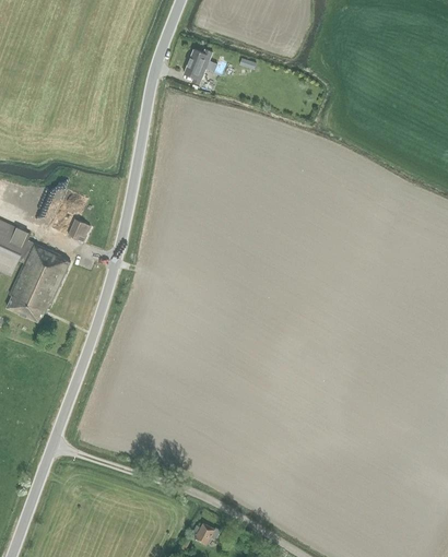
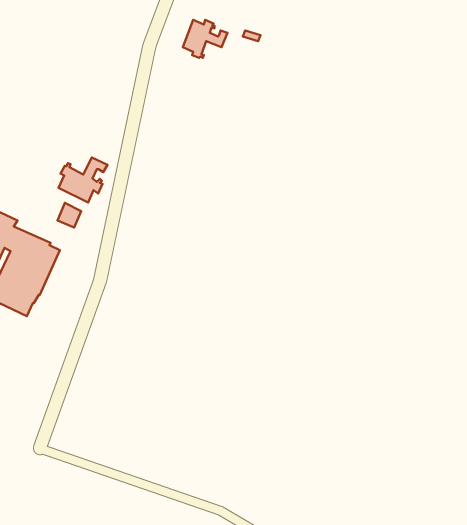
building: none -> [59,157,107,203]

